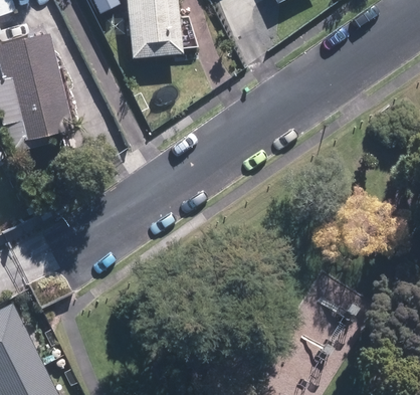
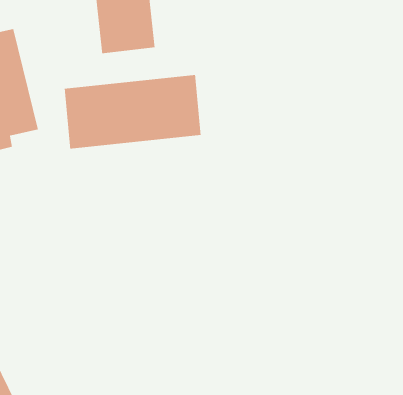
building: none -> [64,74,202,149]

